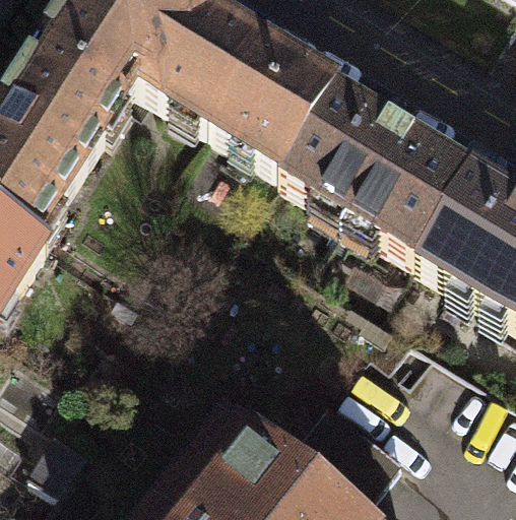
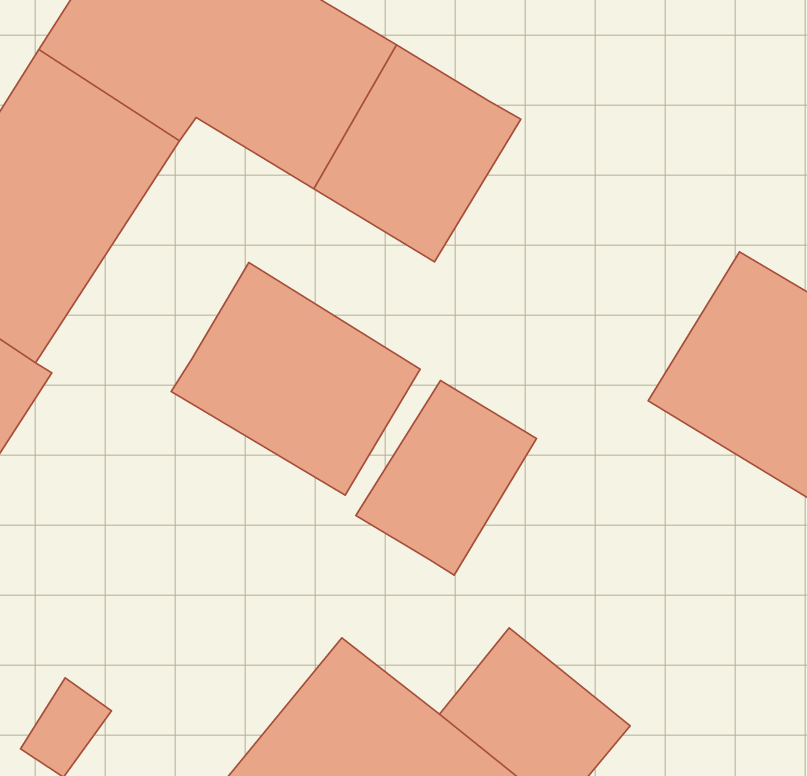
building: [280,88,470,261] -> none
building: none -> [171,262,420,495]
building: none -> [356,381,537,575]

